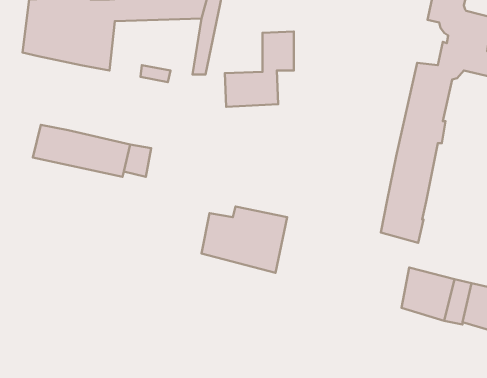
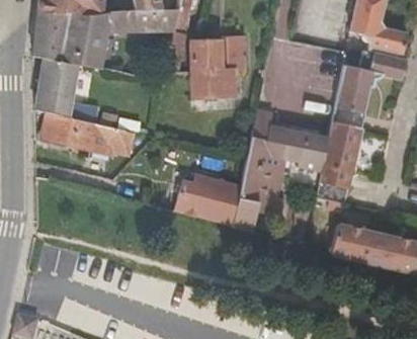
building: none -> [193,39,223,71]
building: none -> [36,58,81,115]
building: none -> [233,107,327,232]

